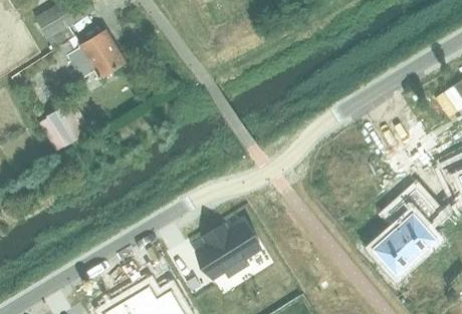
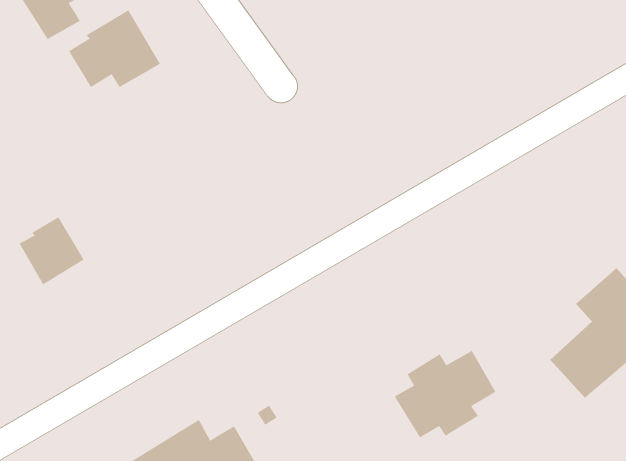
building: [40,107,81,150] -> [19,216,85,285]
building: [195,224,259,279] -> [394,350,496,438]

